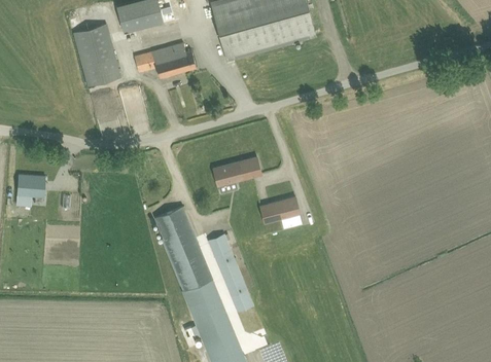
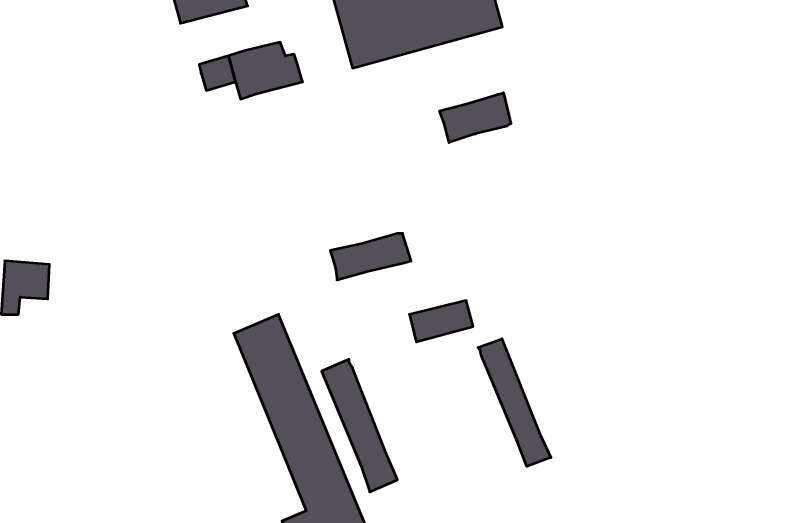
building: [72,24,119,85] -> none
building: none -> [440,93,511,143]
building: none -> [478,339,551,466]

